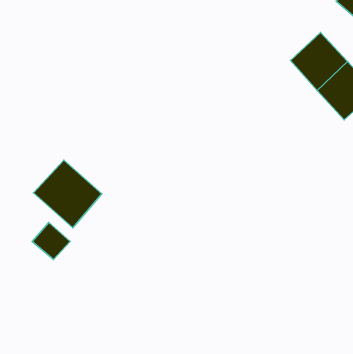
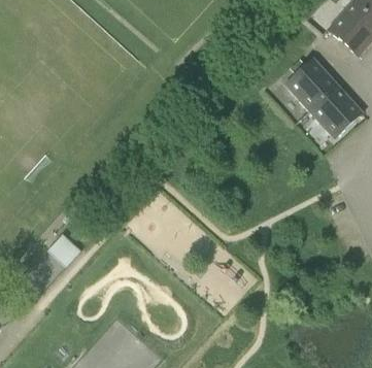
building: [33,160,102,228] -> none

